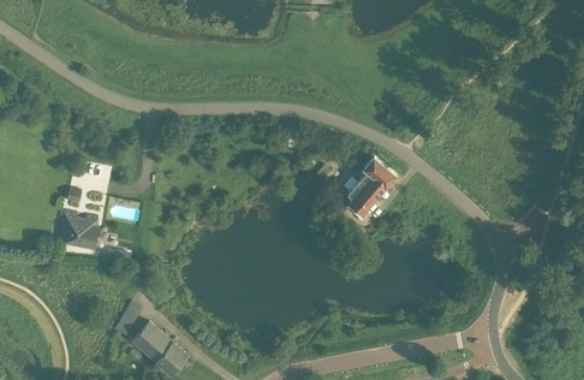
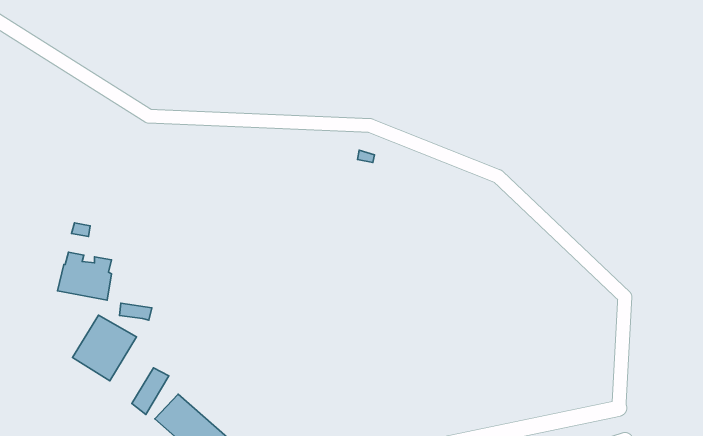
building: [348,158,397,214] -> none
building: none -> [73,315,136,381]

